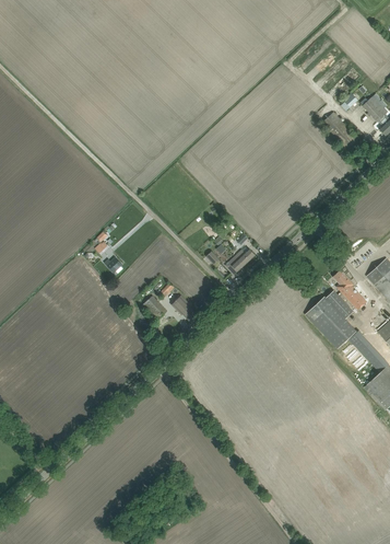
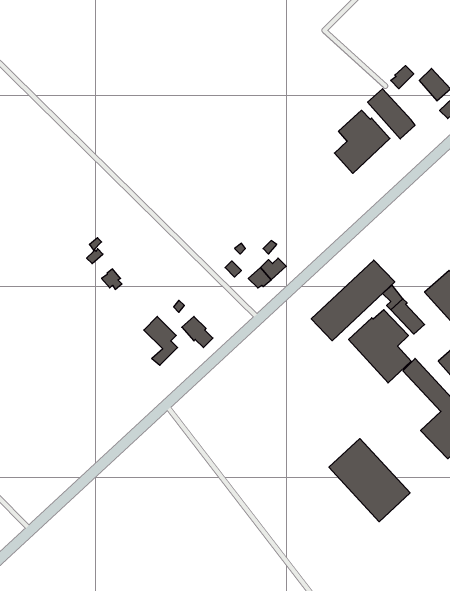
building: none -> [334,110,390,173]
building: none -> [311,260,395,341]
building: none -> [329,439,410,522]

